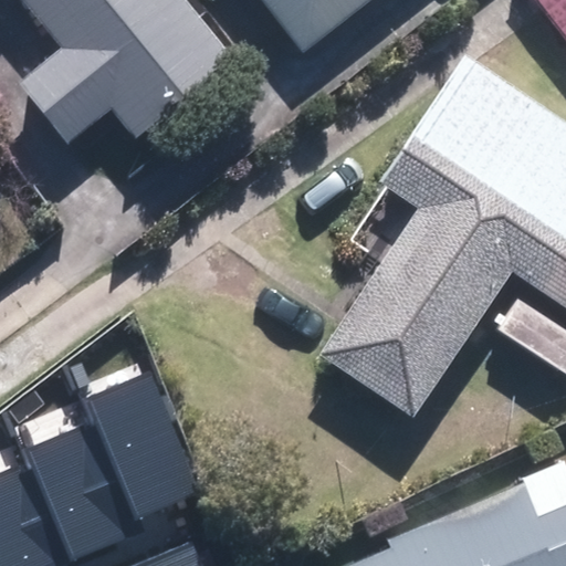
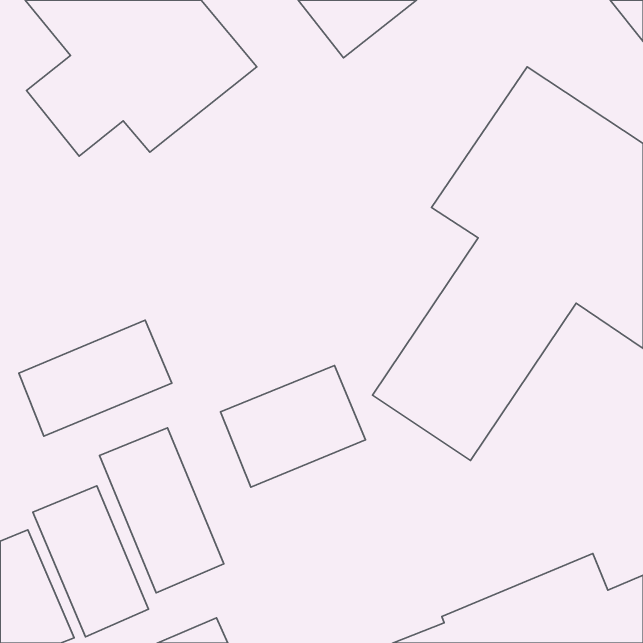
building: none -> [19,320,172,436]
building: none -> [221,366,365,487]

